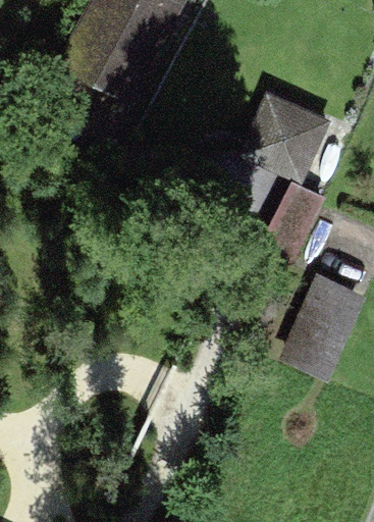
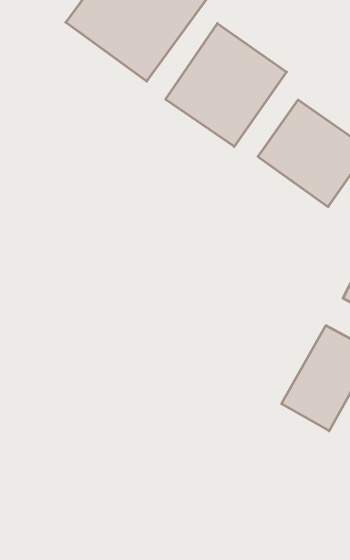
building: none -> [166,23,287,147]
building: [262,174,321,258] -> none

